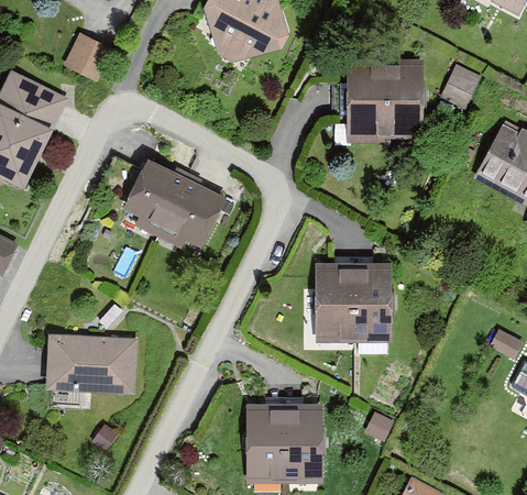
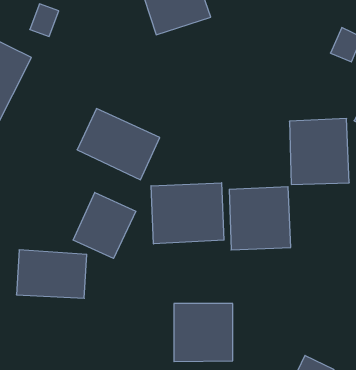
building: [350,65,425,147] -> [289,119,349,184]
building: none -> [151,183,224,244]
building: none -> [73,192,136,258]

